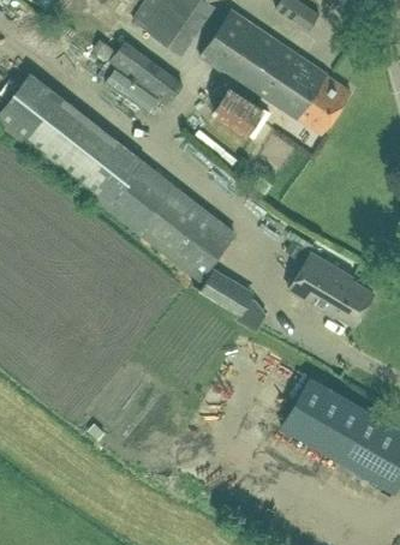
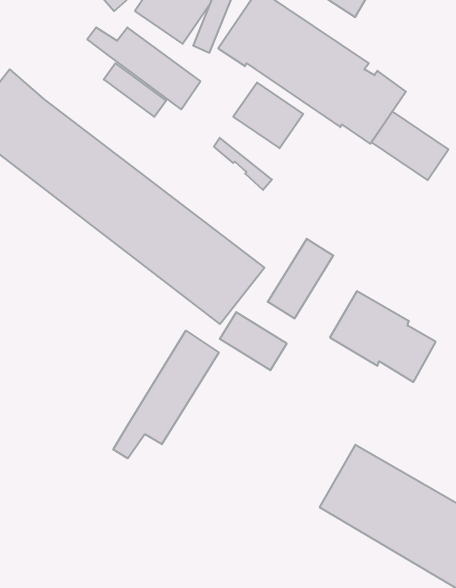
building: none -> [371,112,448,180]
building: none -> [268,239,333,319]
building: none -> [113,331,219,458]

